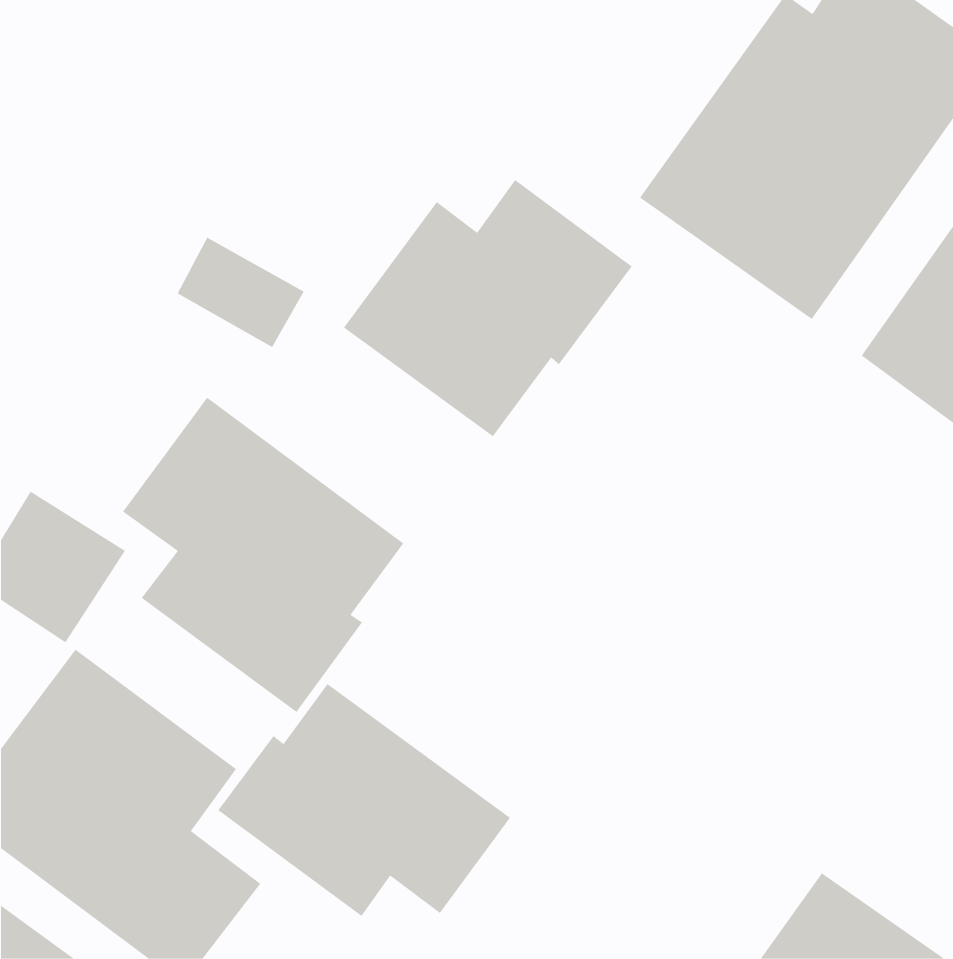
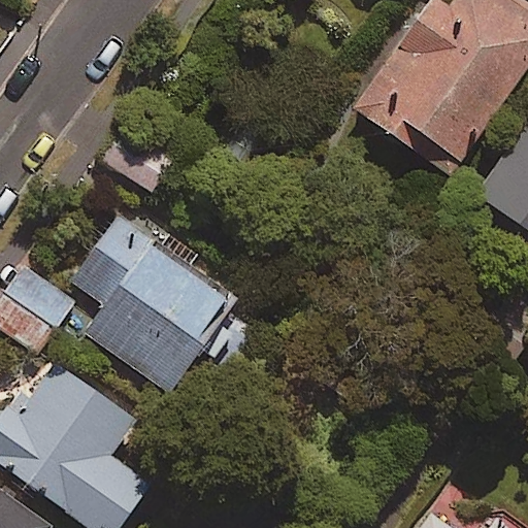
building: [343,179,633,437] -> none
building: [218,683,511,917] -> none

